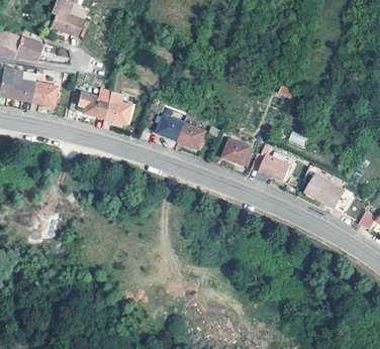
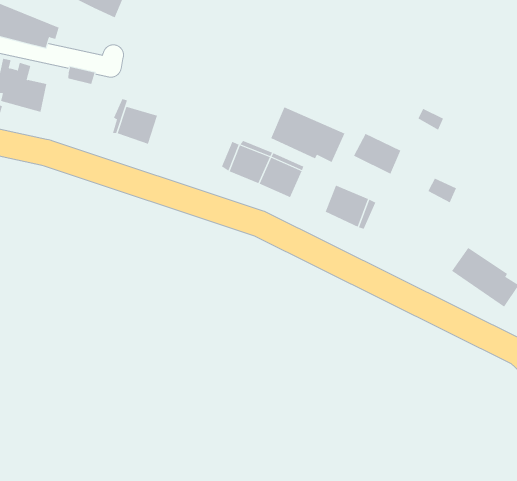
building: [31,82,57,105] -> none
building: none -> [270,106,345,163]
building: [103,99,130,124] -> none
building: [259,154,290,181] -> [353,133,401,175]

